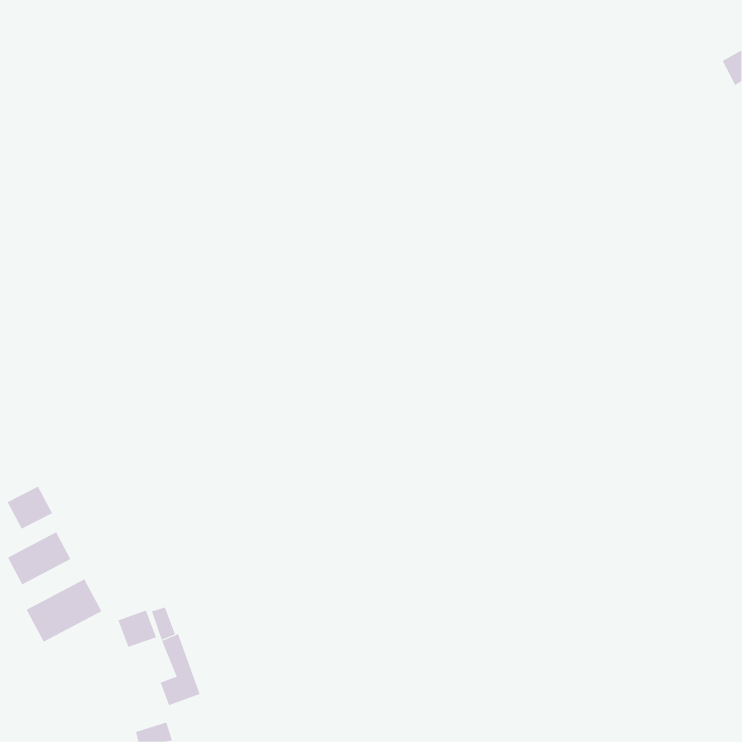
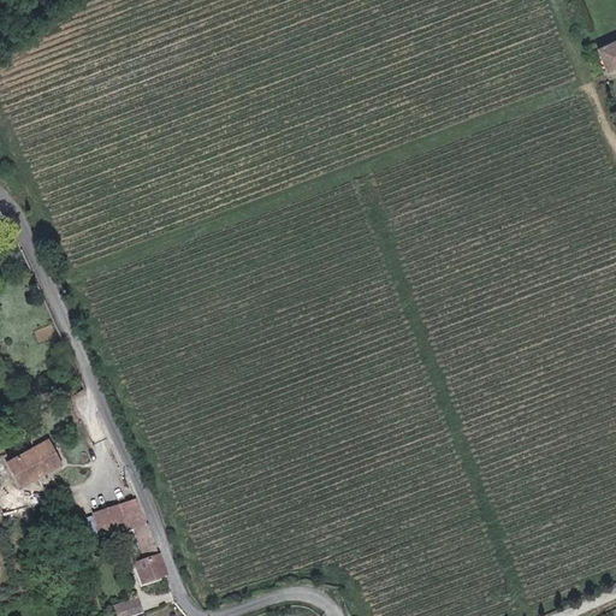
building: [7,486,53,529] -> none
building: [26,578,102,643] -> none

